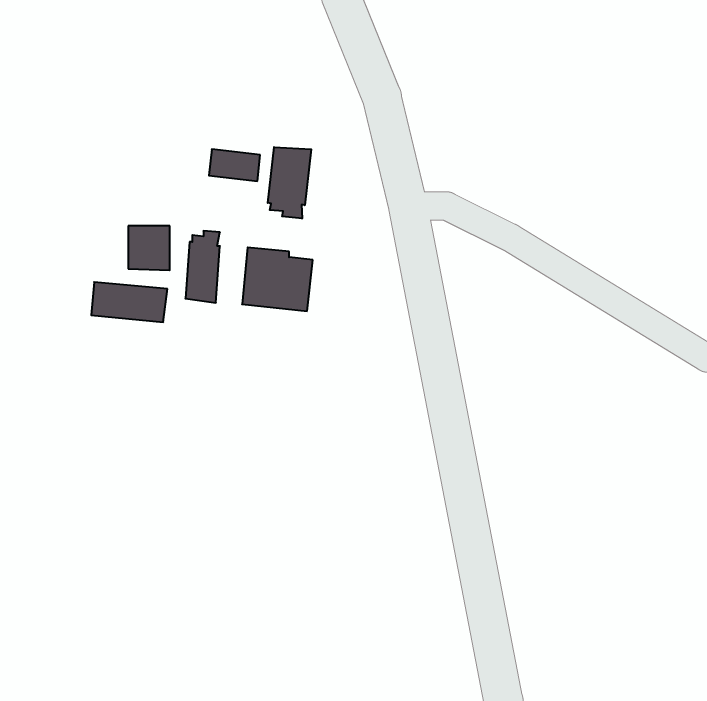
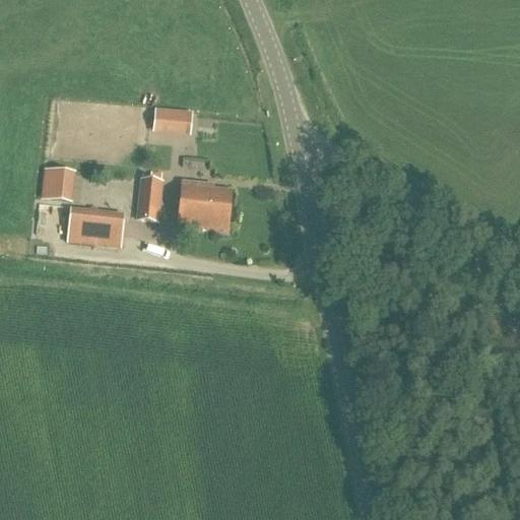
building: [268,147,311,219] -> none
building: [128,226,170,270] -> [49,166,79,198]

